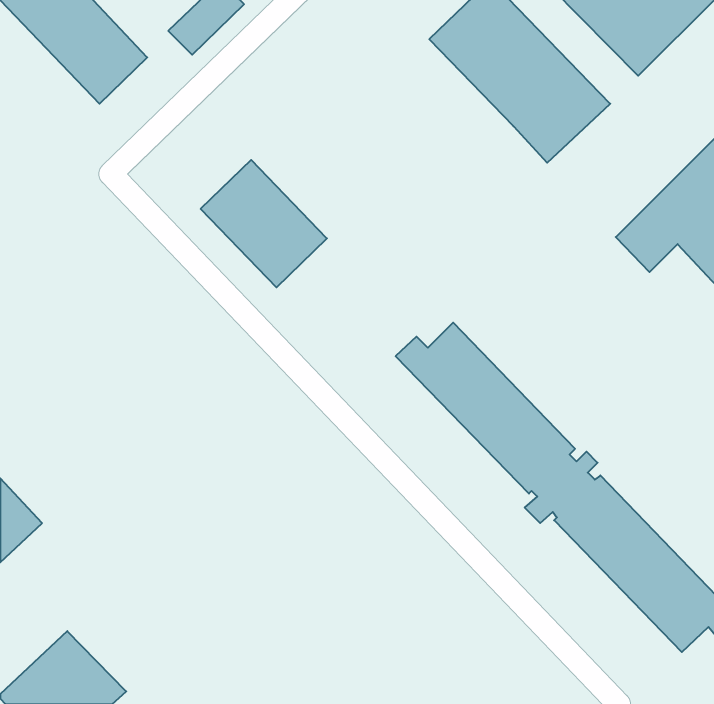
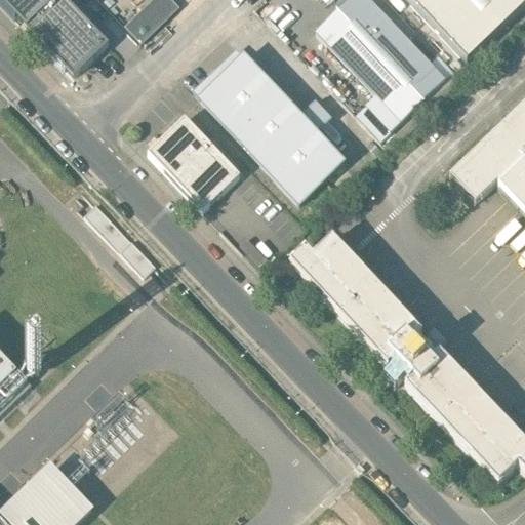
building: none -> [194,47,346,201]
building: none -> [358,92,402,137]

